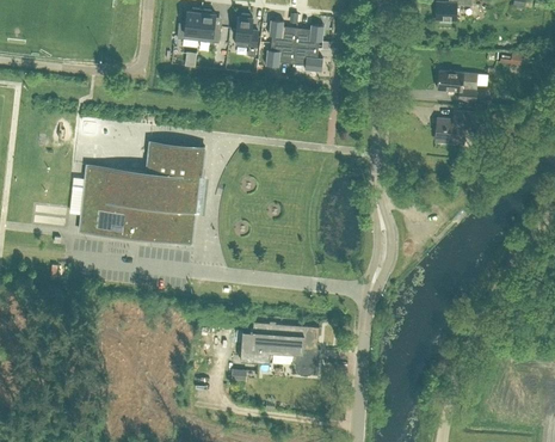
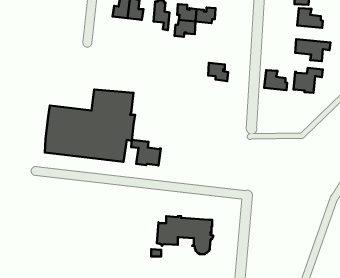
building: none -> [297,8,323,28]
building: [294,45,322,72] -> [208,63,228,81]
building: none -> [264,70,287,90]
building: none -> [131,140,161,165]

